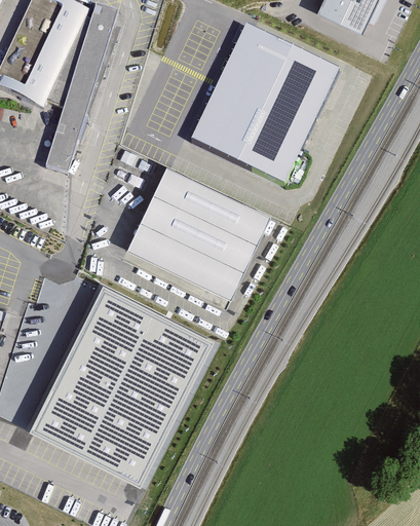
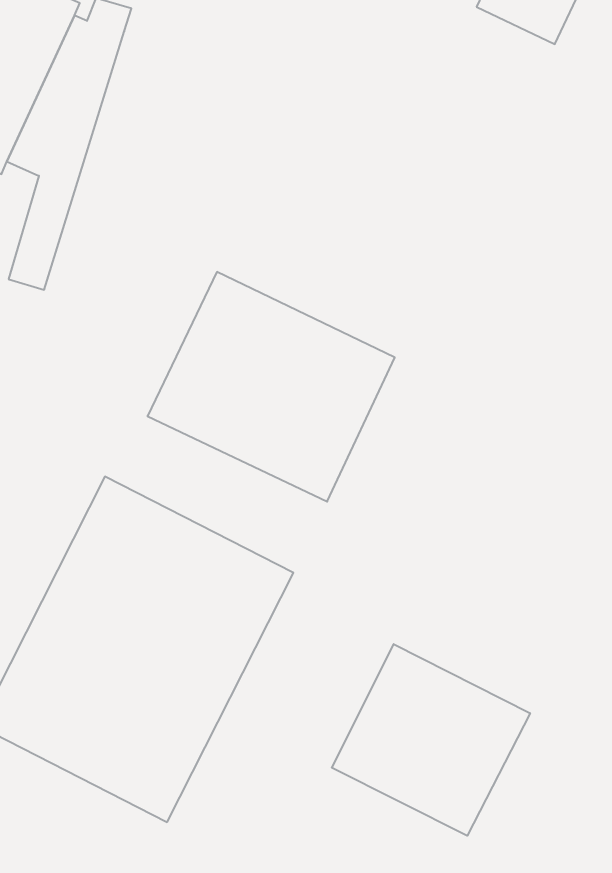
building: [191,23,337,180] -> none
building: none -> [332,644,530,836]

